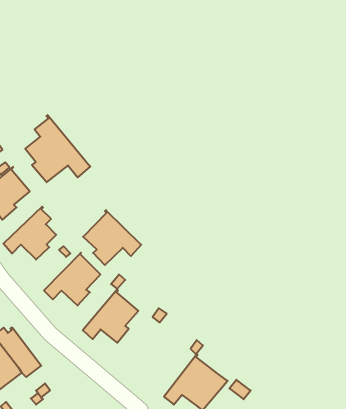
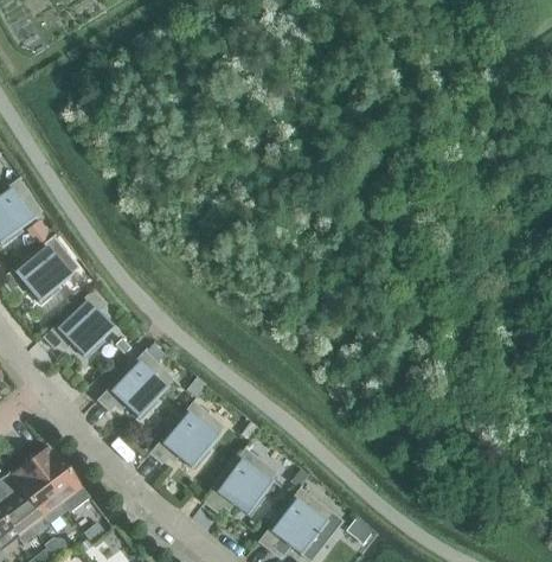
building: [25,115,90,182] -> none
building: [83,210,141,265] -> none
building: none -> [204,446,277,517]

